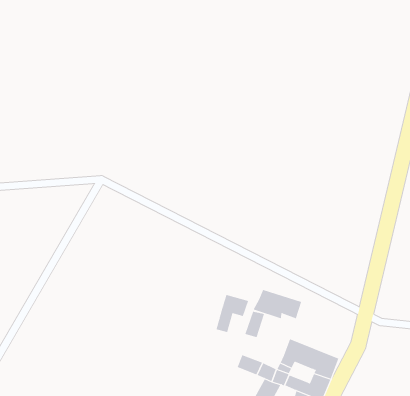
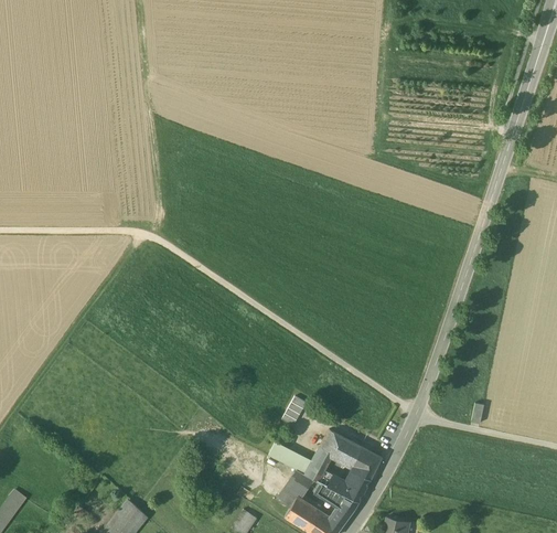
building: [253,289,302,319] -> none
building: [216,294,249,333] -> none

